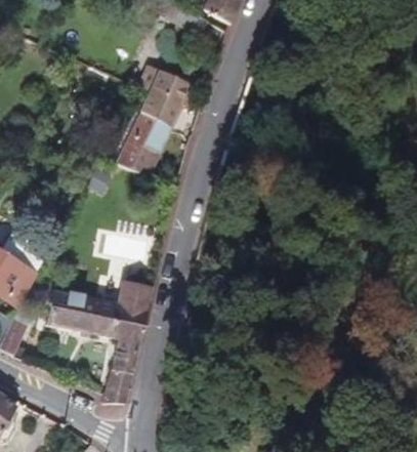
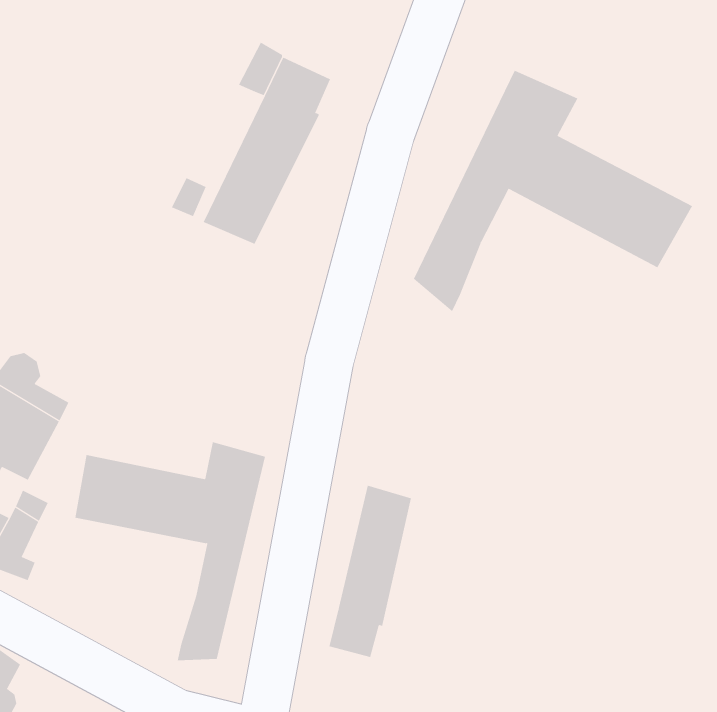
building: none -> [413,70,693,312]
building: none -> [329,485,412,658]

